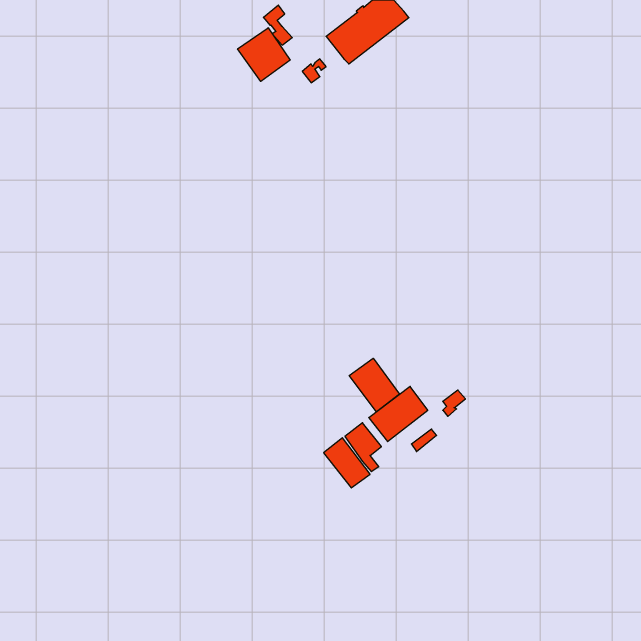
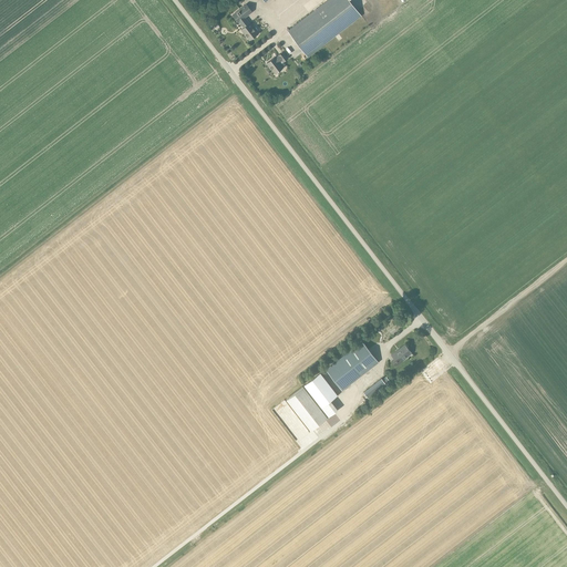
building: [238,28,290,81] -> none
building: [349,358,399,412] -> none

